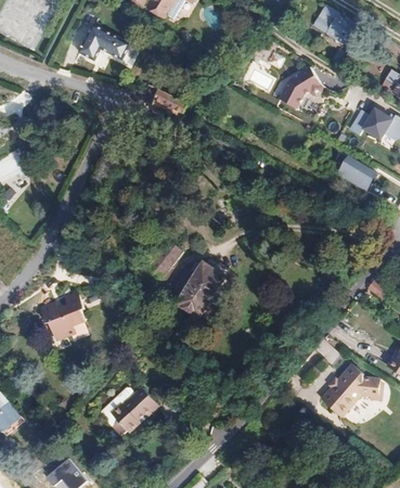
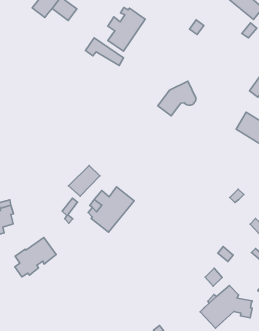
building: none -> [108,7,145,51]
building: [278,65,322,108] -> [158,81,196,116]
building: [109,386,158,436] -> [15,238,56,277]

